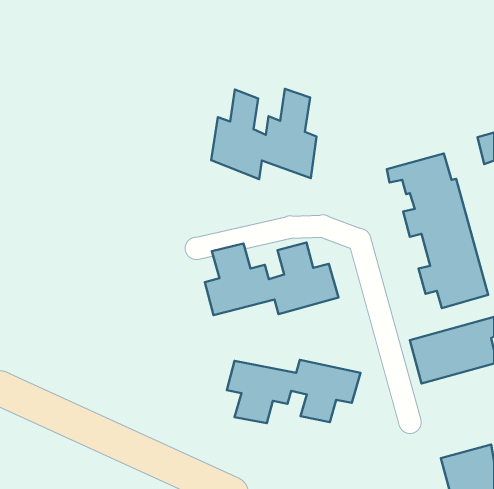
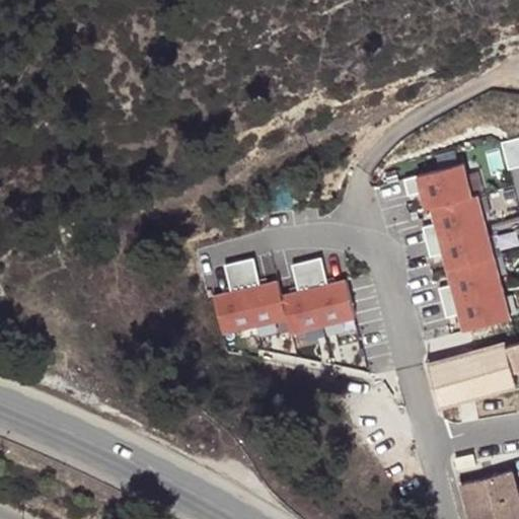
building: [211,89,317,179] -> none
building: [227,360,360,423] -> none

